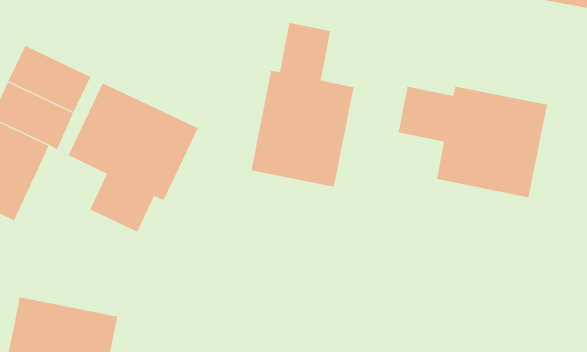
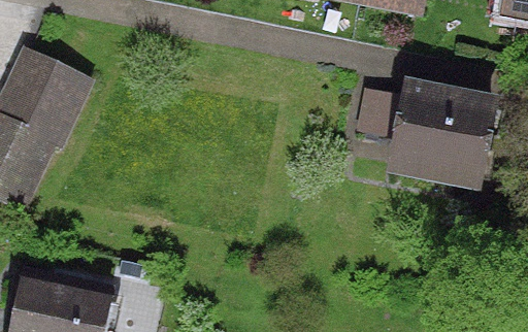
building: [251,22,354,188] -> none
building: [68,83,198,232] -> none

